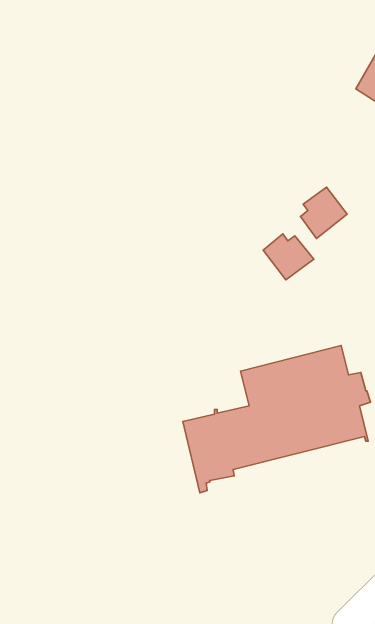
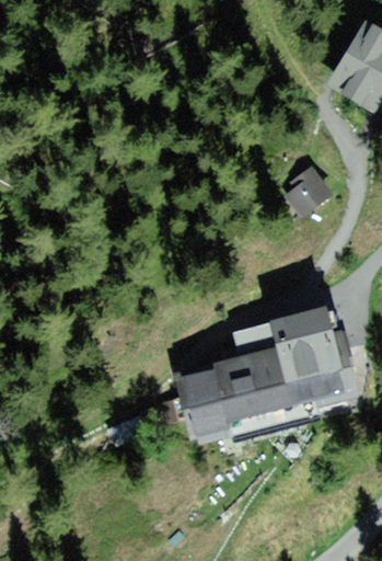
building: [263,234,314,280] -> none

